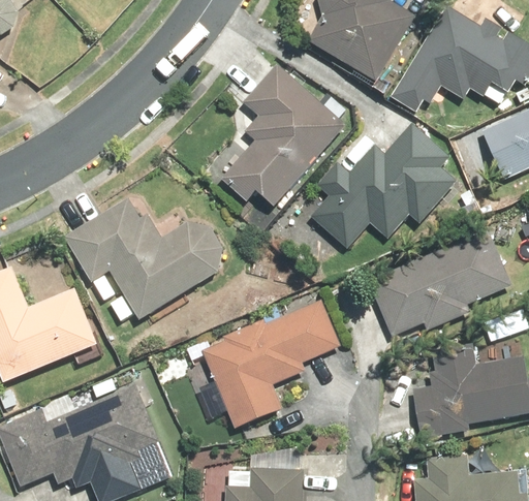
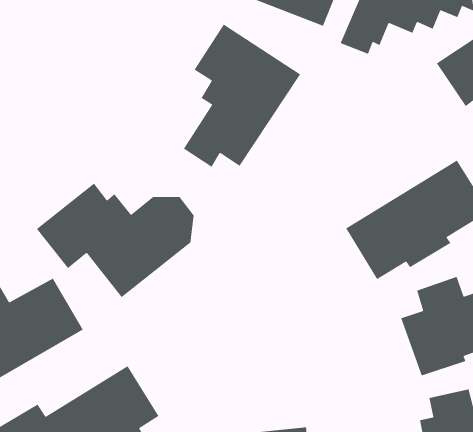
building: [311,122,458,248] -> none
building: [201,301,341,428] -> none

